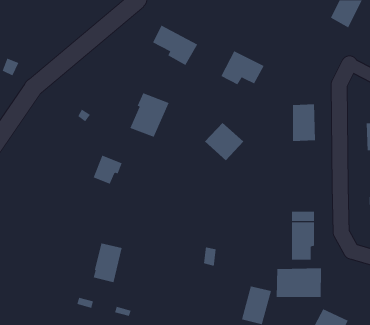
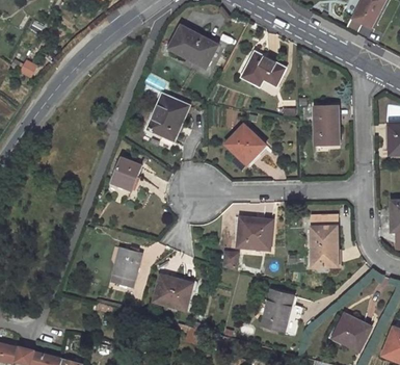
building: none -> [237,217,272,251]
building: [276,267,322,298] -> none
building: none -> [154,276,192,310]

